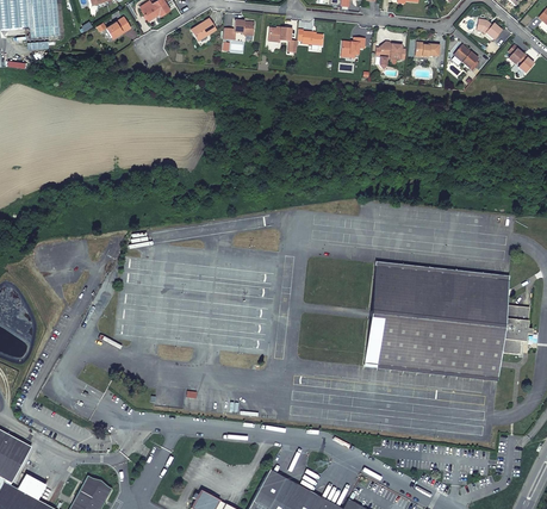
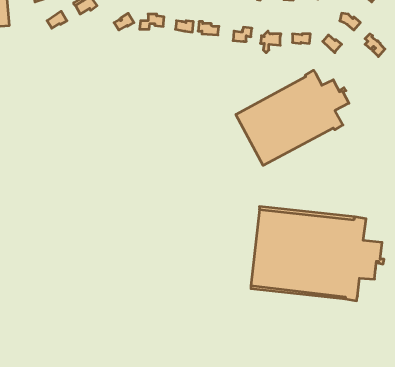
building: none -> [236,70,349,165]

